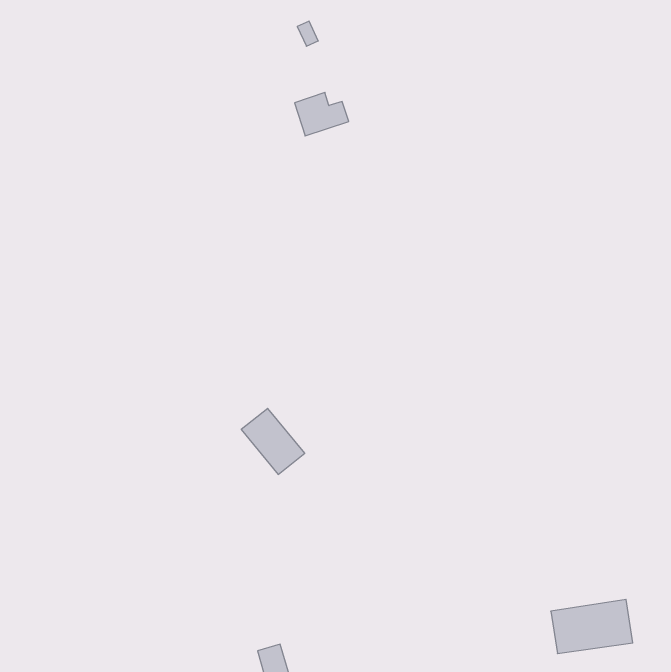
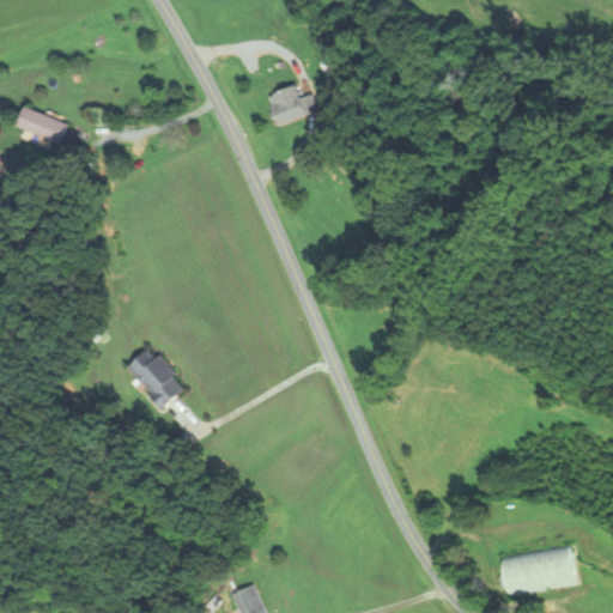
building: none -> [17,107,69,145]
building: [241,408,305,474] -> [129,350,187,409]

